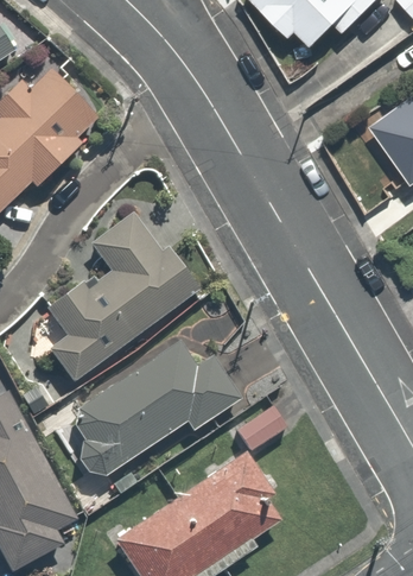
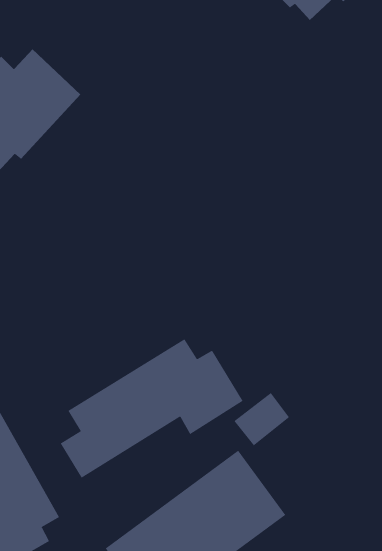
building: [47,194,205,380] -> none

